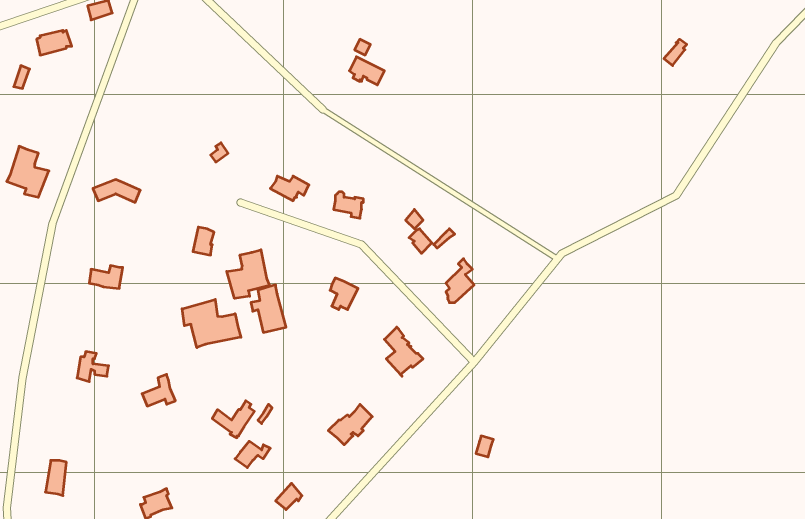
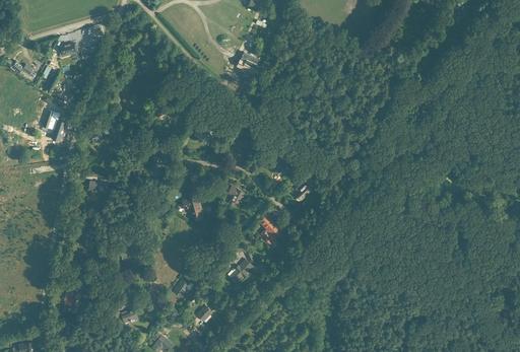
building: [227,250,269,298] -> none
building: [182,299,241,348] -> none

